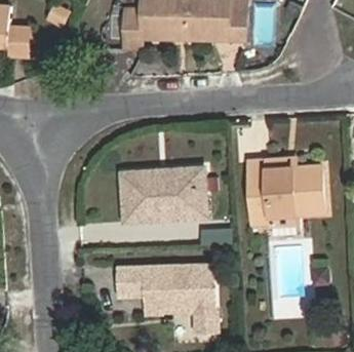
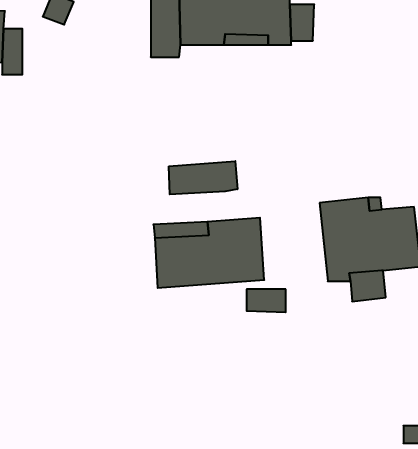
building: none -> [169,161,237,194]
building: [122,270,220,339] -> none

